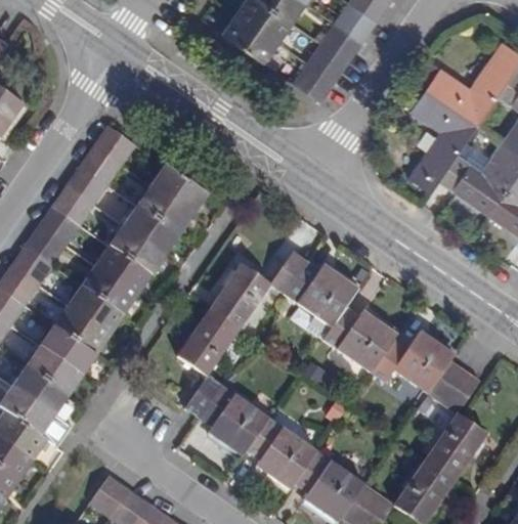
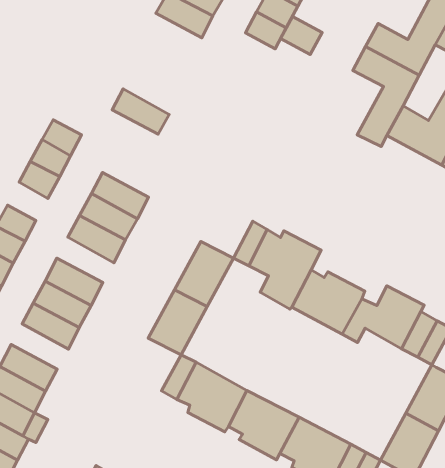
building: [295,61,337,101] -> [281,17,322,55]
building: [150,165,207,214] -> [112,89,169,134]
building: [52,184,93,224] -> none
building: [95,245,152,294] -> none
building: [40,325,96,375] -> none

